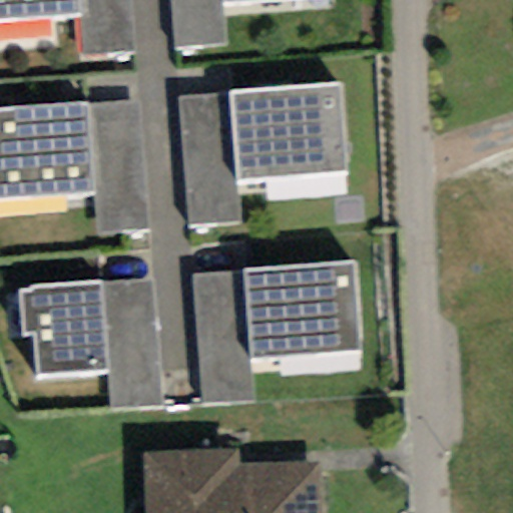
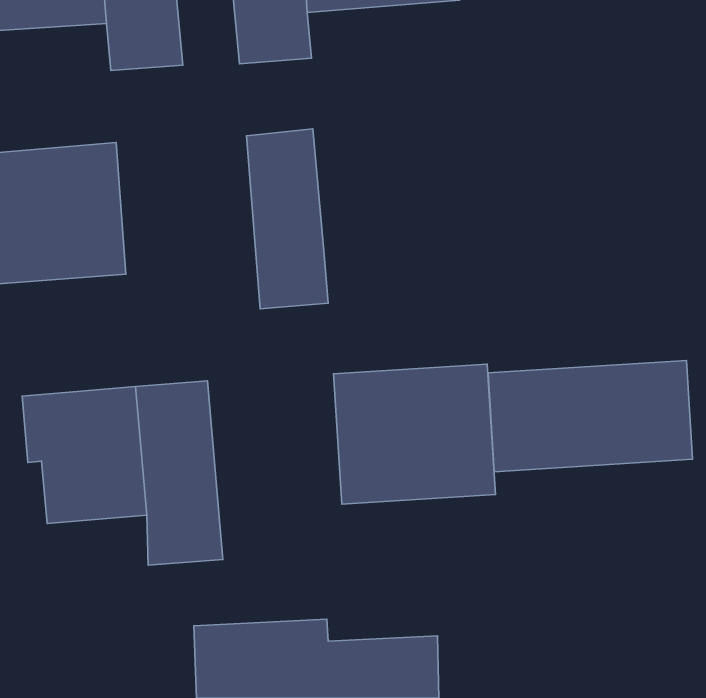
building: [226,84,346,181] -> none
building: [84,99,146,231] -> none
building: none -> [488,360,693,472]
building: [191,271,250,403] -> none

